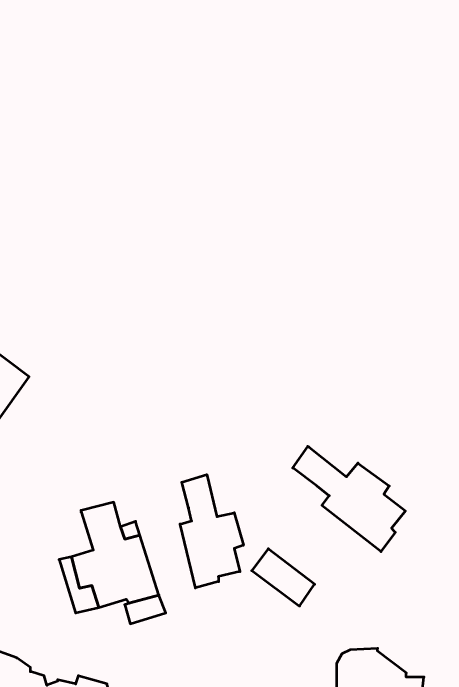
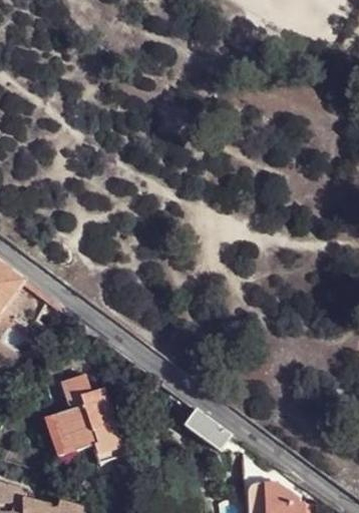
building: [293,446,405,552] -> none
building: [180,475,243,588] -> none

